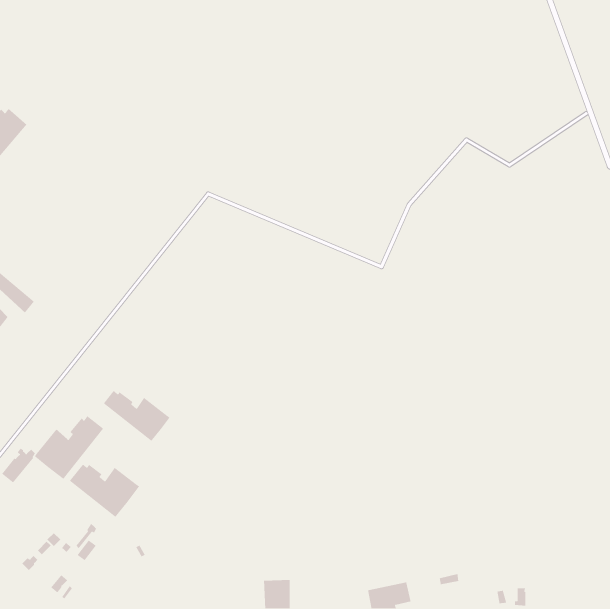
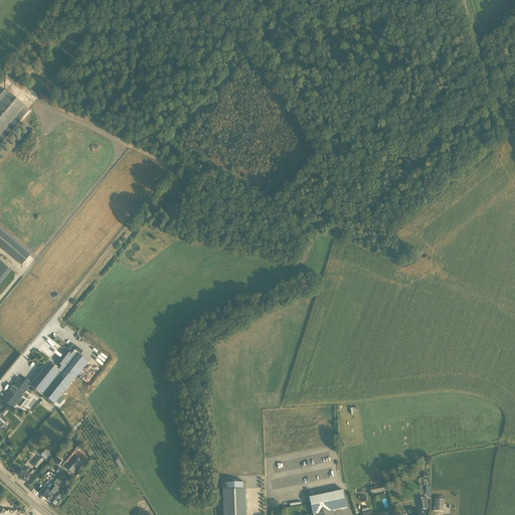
building: [103,390,171,442] -> none
building: [69,463,140,518] -> none

